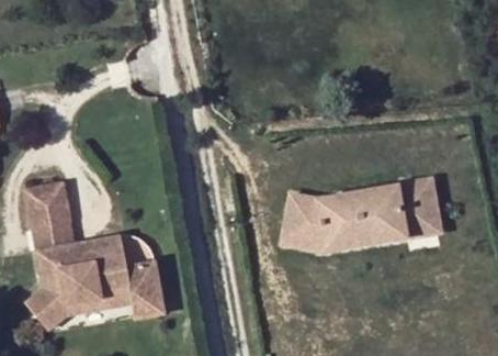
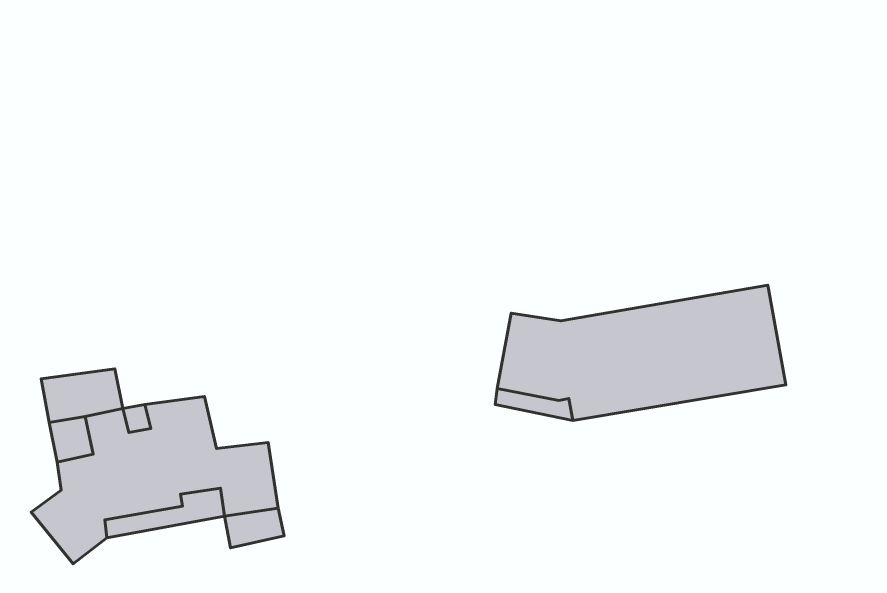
building: [25,185,72,227] -> none

